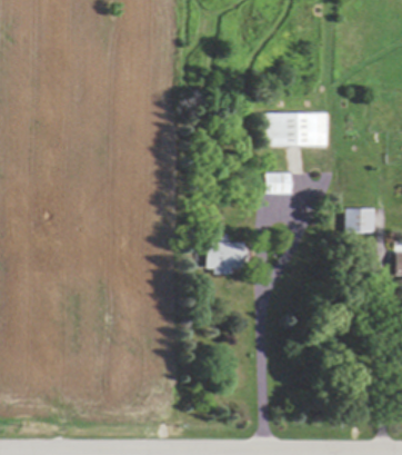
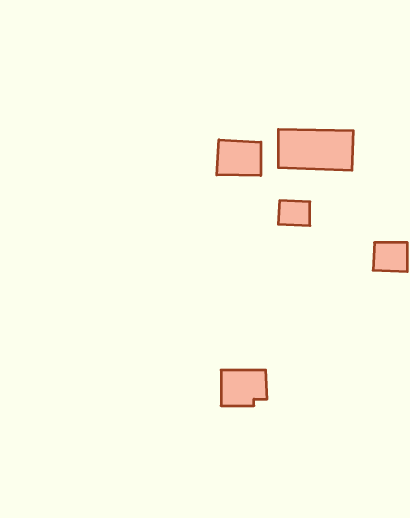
building: none -> [217,140,261,176]
building: [207,243,245,273] -> [221,370,267,406]

